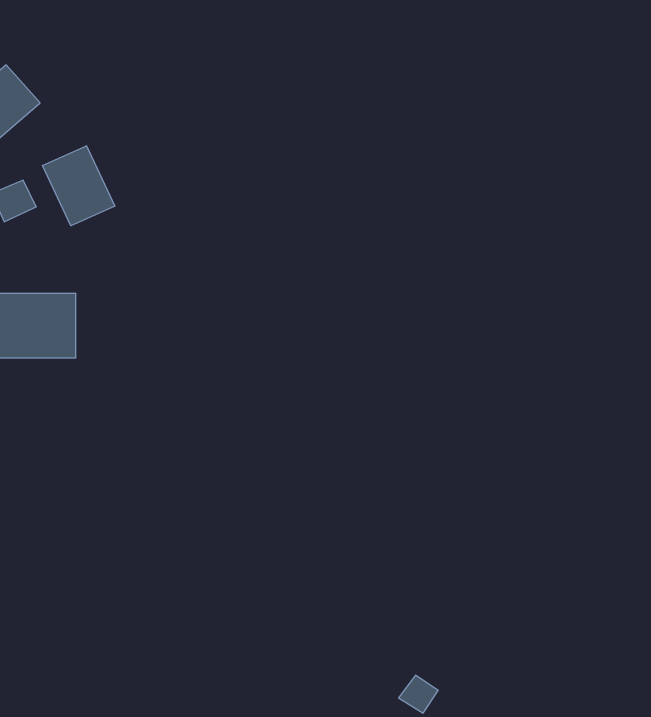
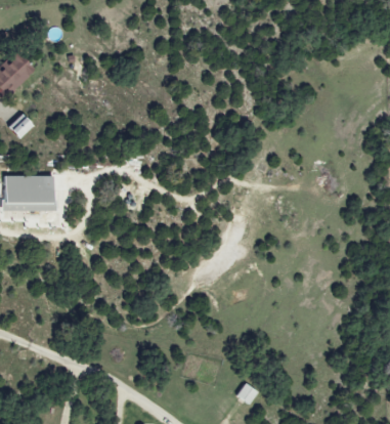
building: [43,146,115,226] -> none

